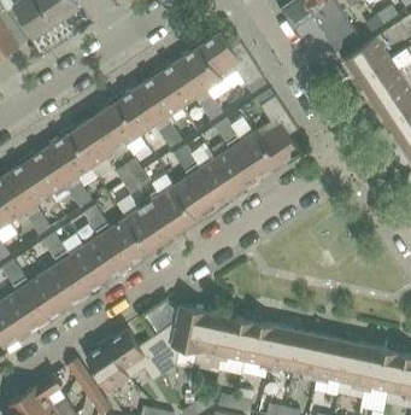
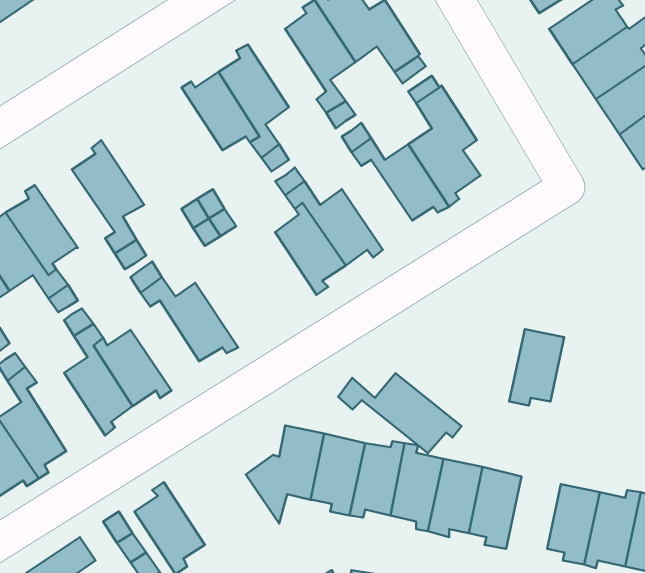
building: [157,60,205,109] -> none
building: [66,97,141,169] -> none
building: [215,141,258,197] -> none
building: [25,147,75,195] -> none
building: [124,186,199,257] -> none
building: [84,228,127,284] -> none
building: [20,273,69,321] -> none
building: none -> [338,373,462,453]
building: [105,331,176,381] -> none
building: [316,337,350,384] -> [509,329,564,406]

